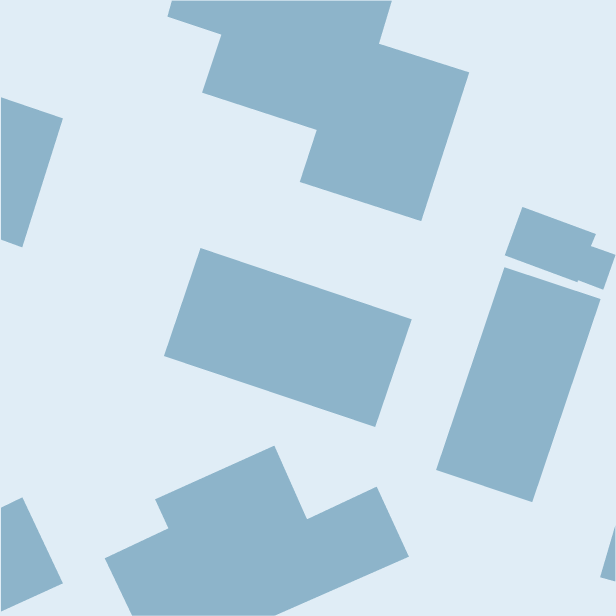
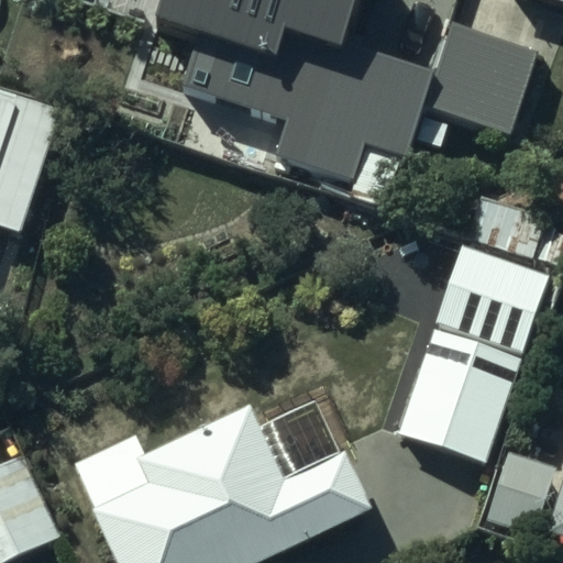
building: none -> [426,23,538,132]
building: [163,247,413,428] -> none

